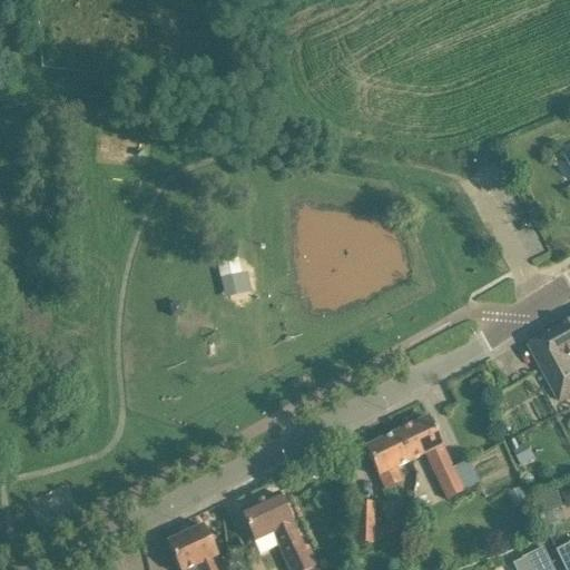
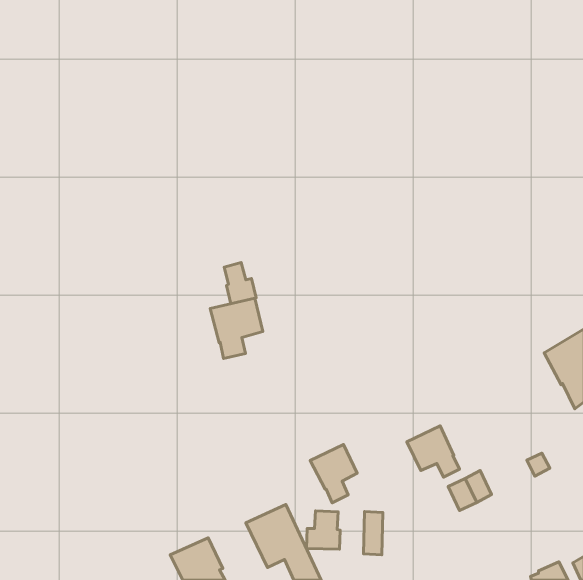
building: none -> [210,298,263,358]
building: [365,431,411,488] -> [310,445,357,503]
building: none -> [306,511,340,549]

